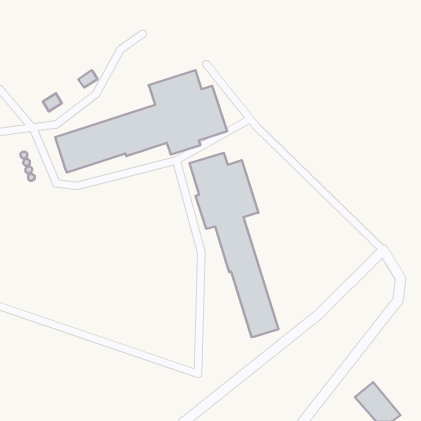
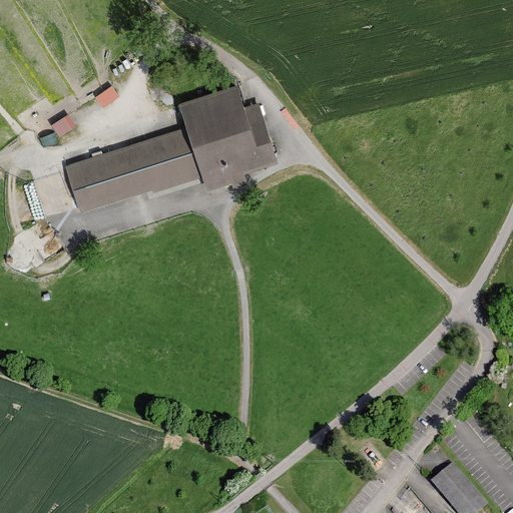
building: [190,153,278,337] -> none

